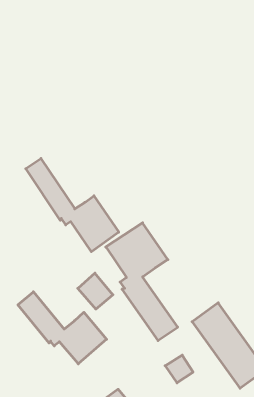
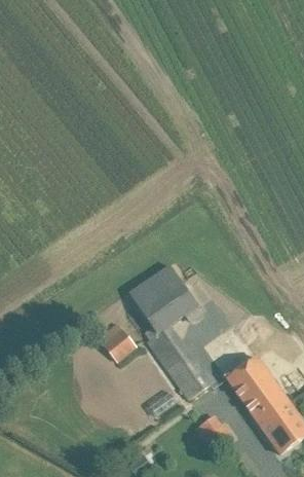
building: [26,158,119,252] -> none
building: [18,292,107,364] -> none

